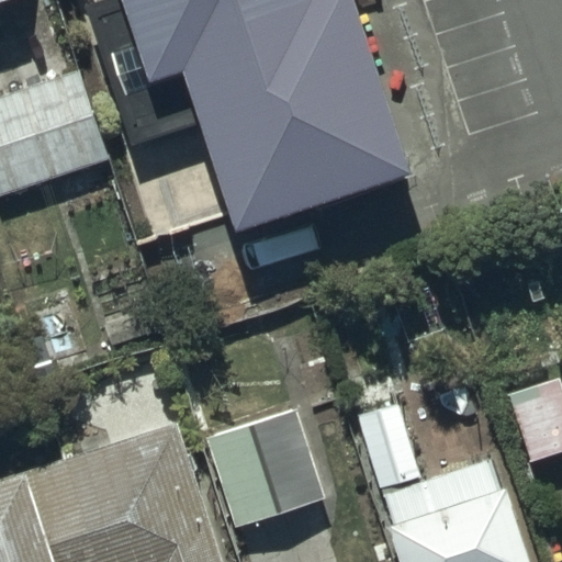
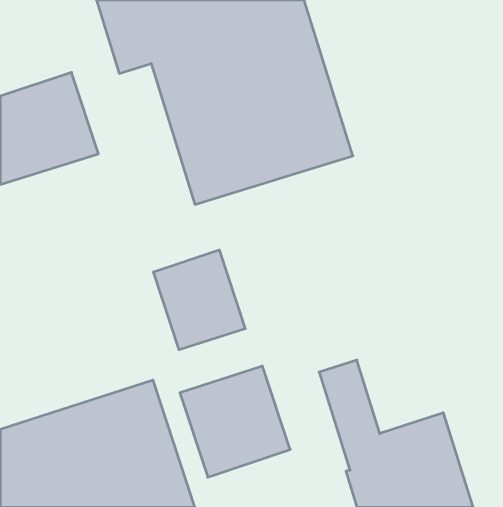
building: none -> [154,250,245,350]

